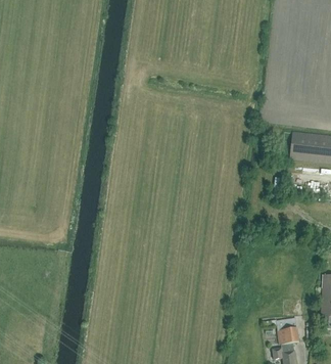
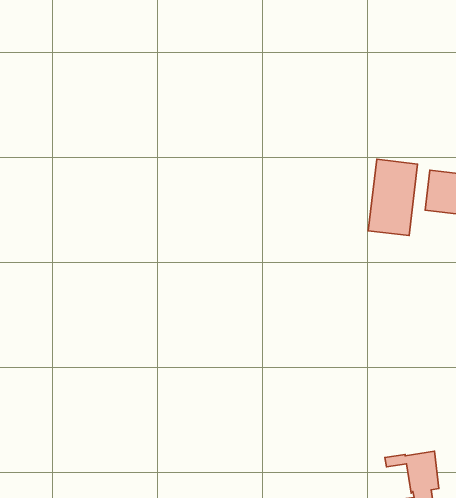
building: none -> [368,159,418,236]

